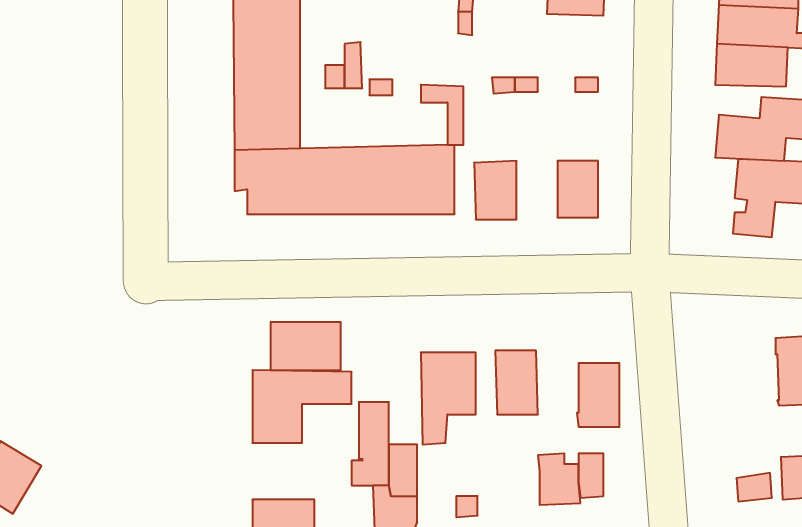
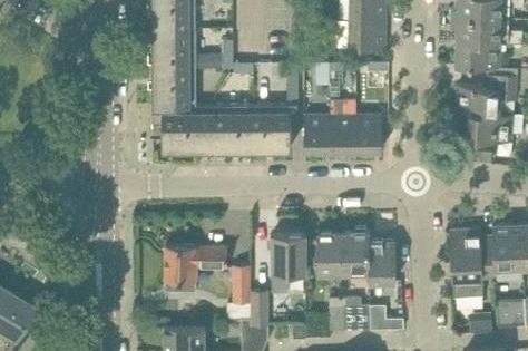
building: none -> [349,22,385,49]
building: none -> [331,115,356,152]
building: [271,322,340,370] -> none
building: none -> [451,230,496,298]
building: none -> [343,233,370,274]

